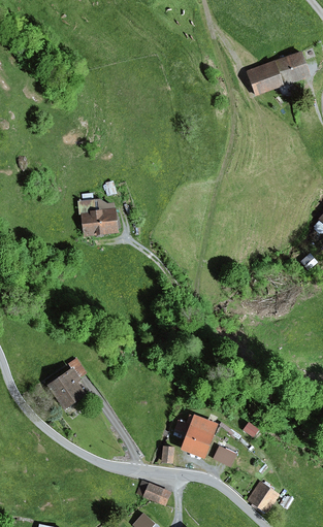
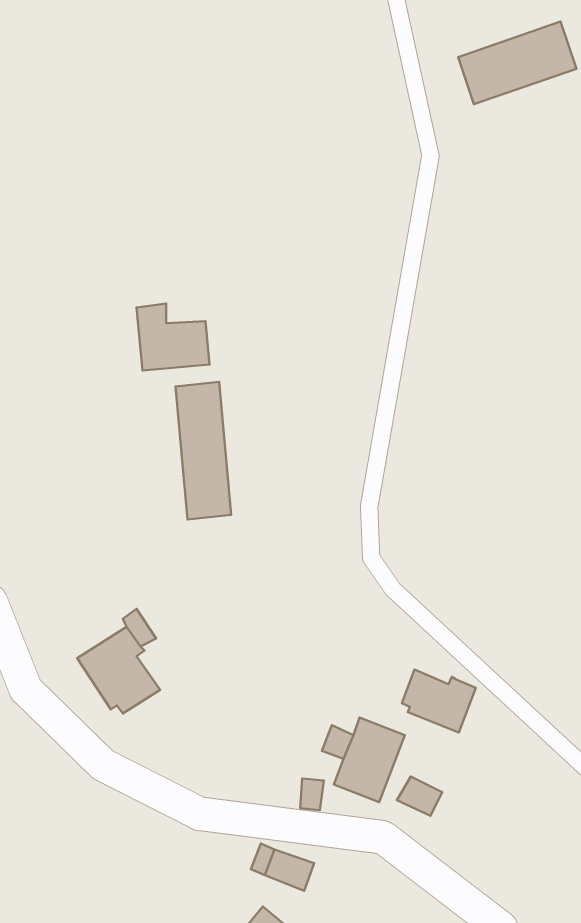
building: none -> [175,382,231,519]
building: none -> [402,670,476,732]
building: [248,482,281,515] -> none

